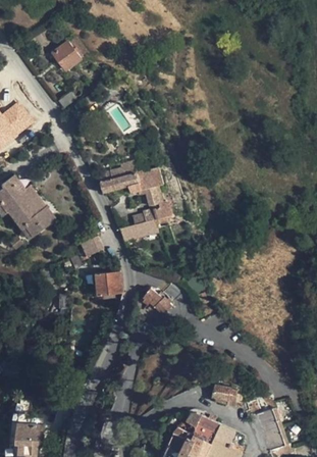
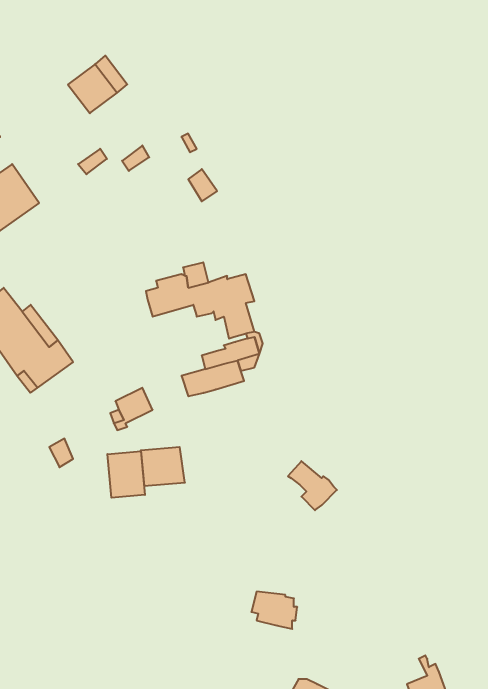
building: none -> [107,451,145,498]
building: [142,288,171,317] -> [288,461,337,510]
building: [211,384,239,406] -> [251,592,297,629]

